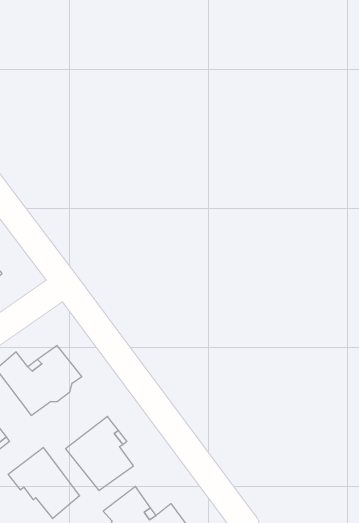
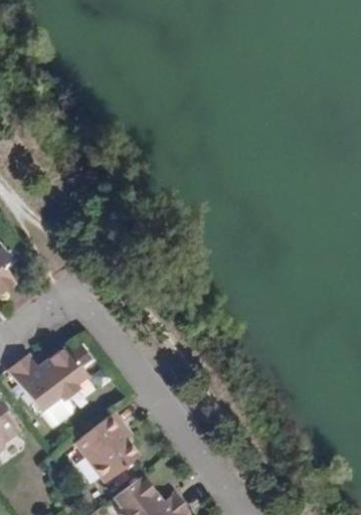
building: [8,447,80,519] -> none

